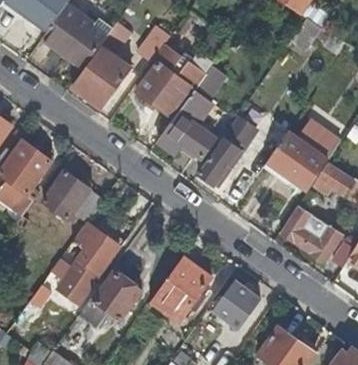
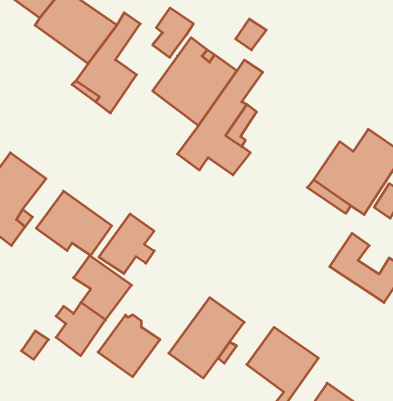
building: [198,115,256,183] -> none
building: none -> [99,214,154,274]

